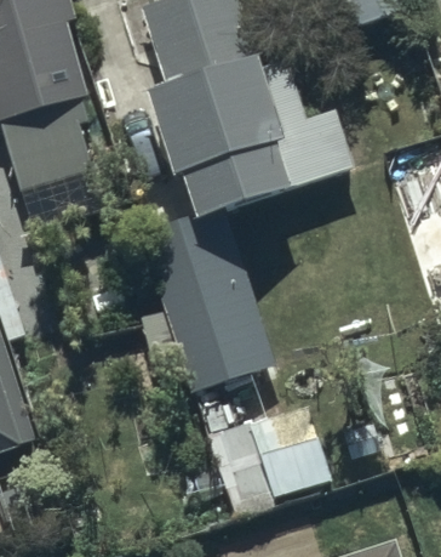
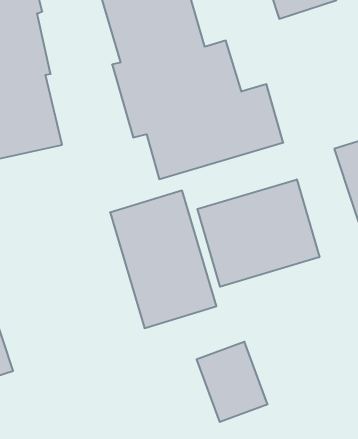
building: none -> [197,179,319,287]

